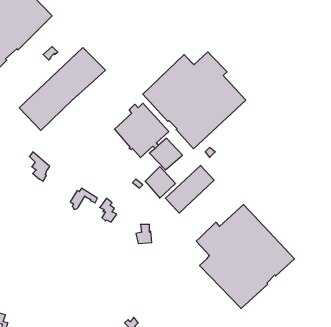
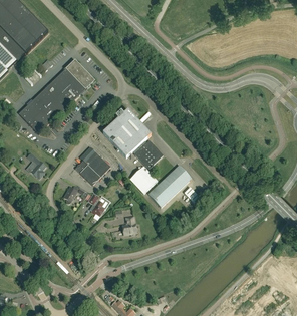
building: [143,52,246,149] -> none
building: none -> [74,146,110,185]
building: [196,204,295,309] -> none

